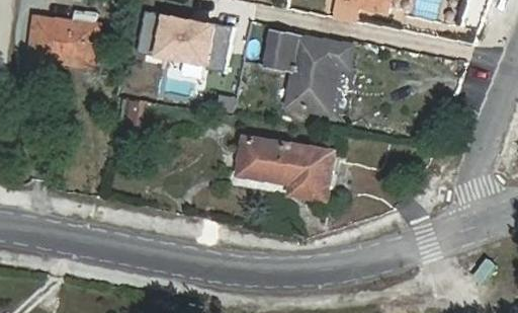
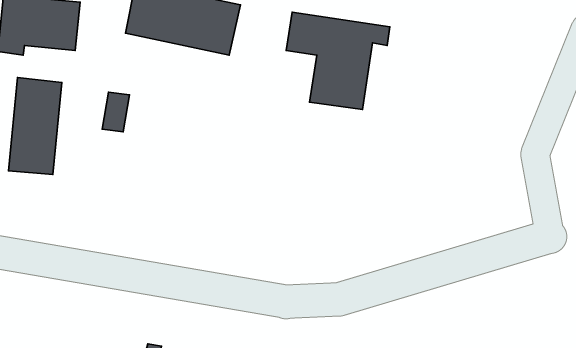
building: none -> [8,77,62,175]
building: [238,137,333,198] -> none

